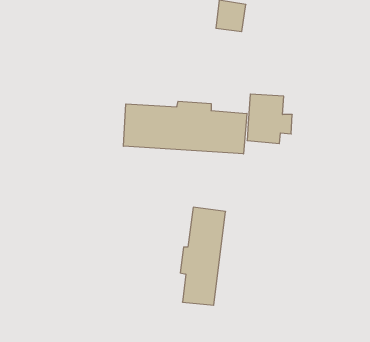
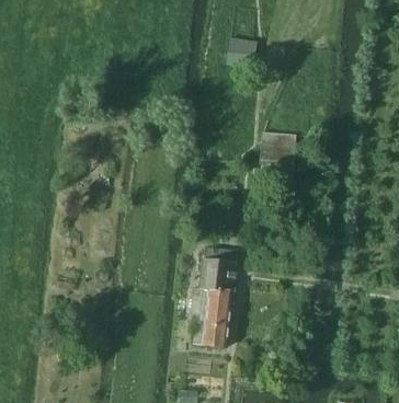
building: [123,101,247,154] -> none

